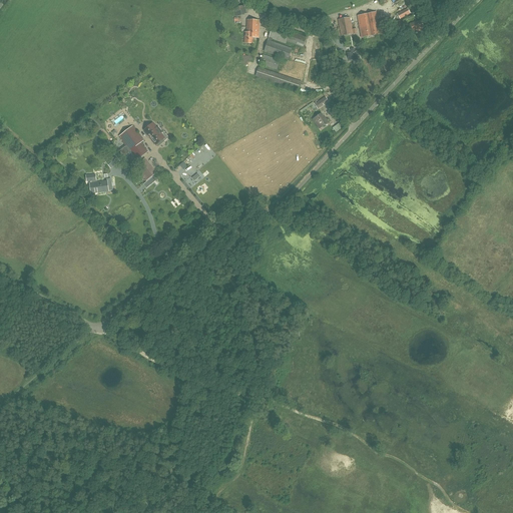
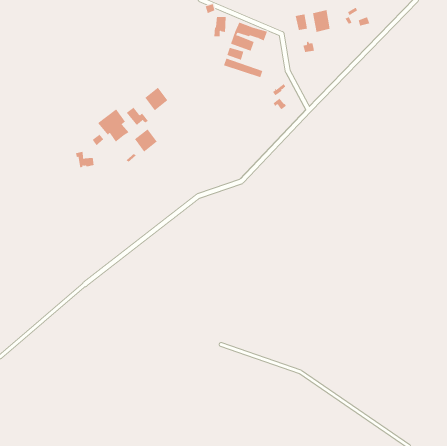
building: none -> [145,87,168,111]
building: none -> [134,128,158,153]

